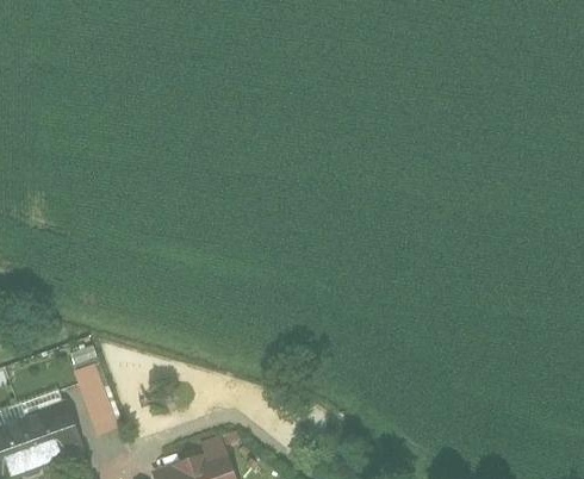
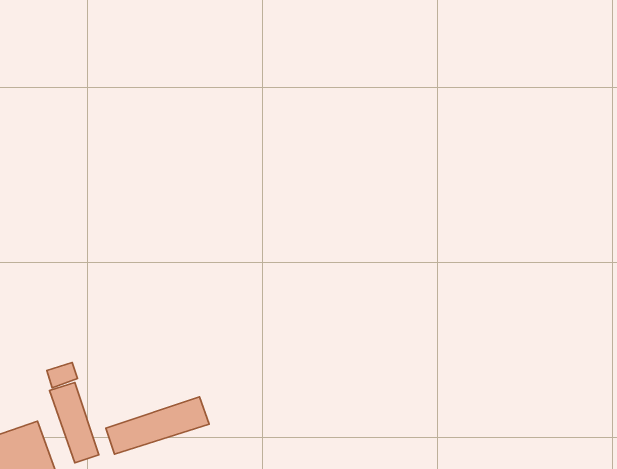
building: none -> [106,397,209,454]

